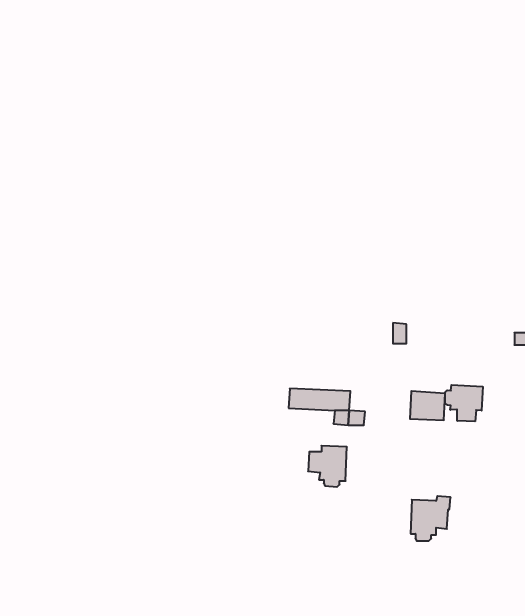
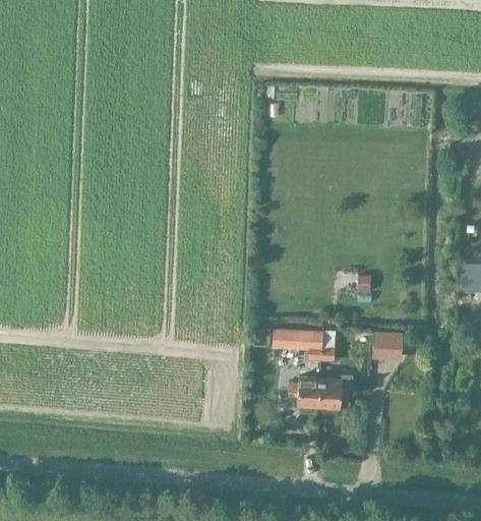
building: [445,385,483,421] -> none
building: [411,496,451,541] -> [319,373,353,411]

